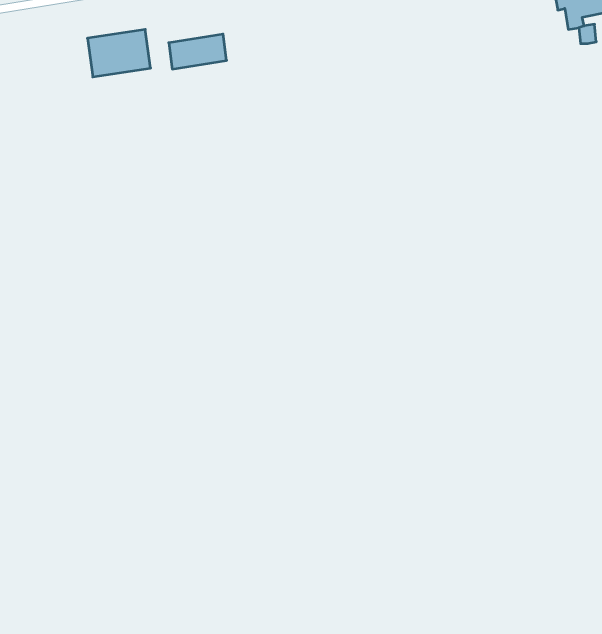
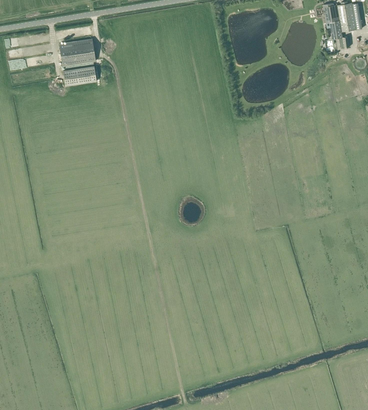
building: [169,34,227,69] -> [63,66,96,86]

